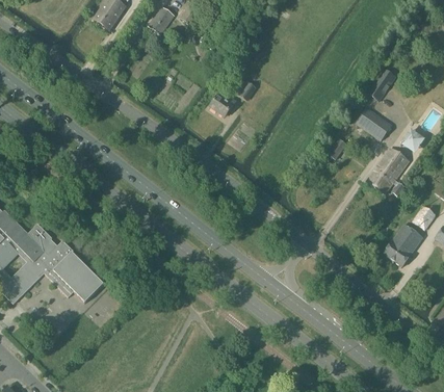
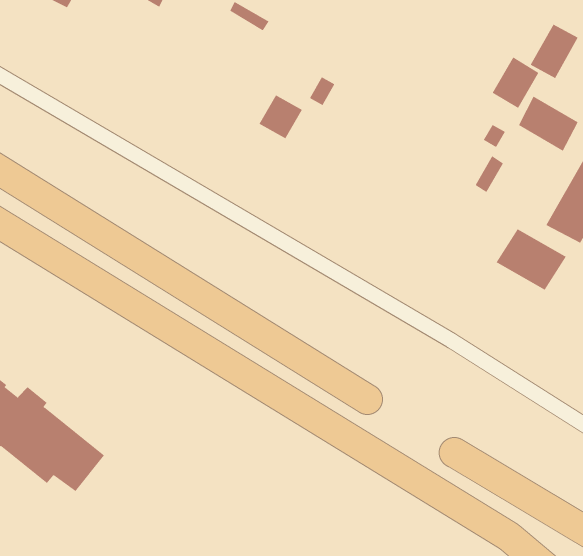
building: none -> [492,57,539,109]
building: none -> [496,229,566,291]

